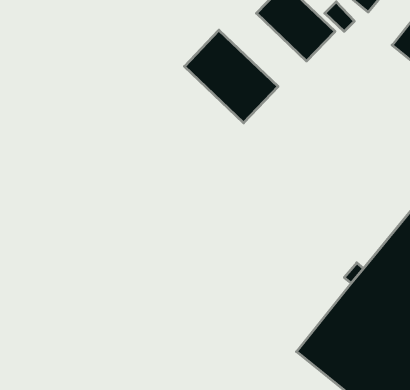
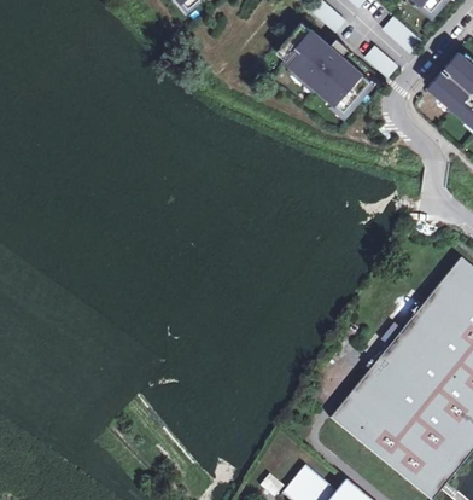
building: [184,30,278,123] -> none

